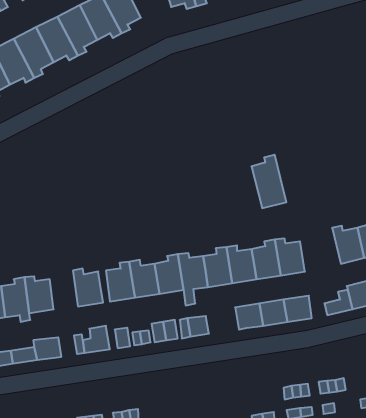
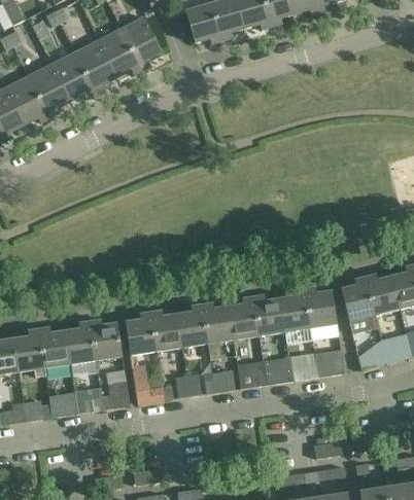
building: [251,155,286,208] -> [341,276,378,332]
building: none -> [66,321,96,362]
building: none -> [237,360,267,388]

